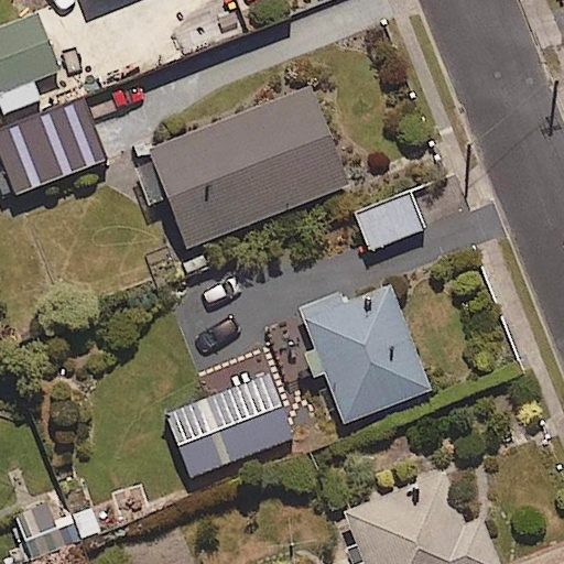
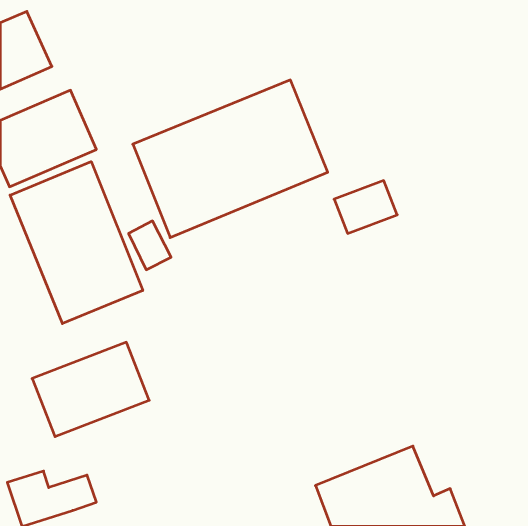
building: none -> [10,162,143,324]
building: [300,285,429,423] -> none
building: [164,375,289,475] -> [32,342,149,437]

